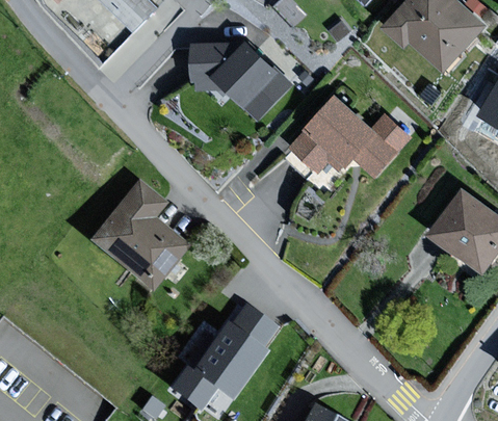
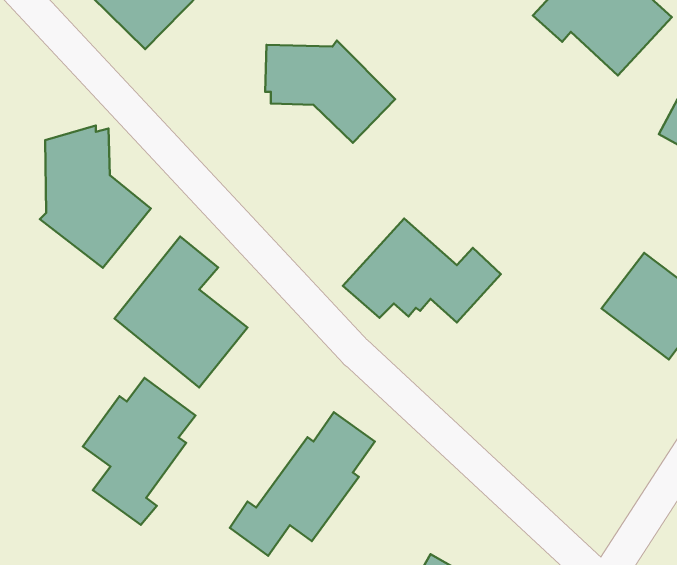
building: [293,99,405,173] -> [343,218,501,322]
building: none -> [40,125,151,268]
building: none -> [83,378,196,525]

